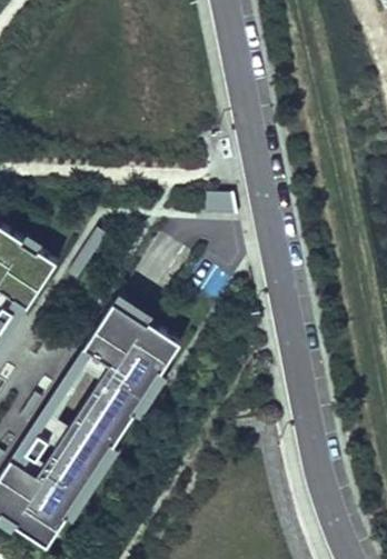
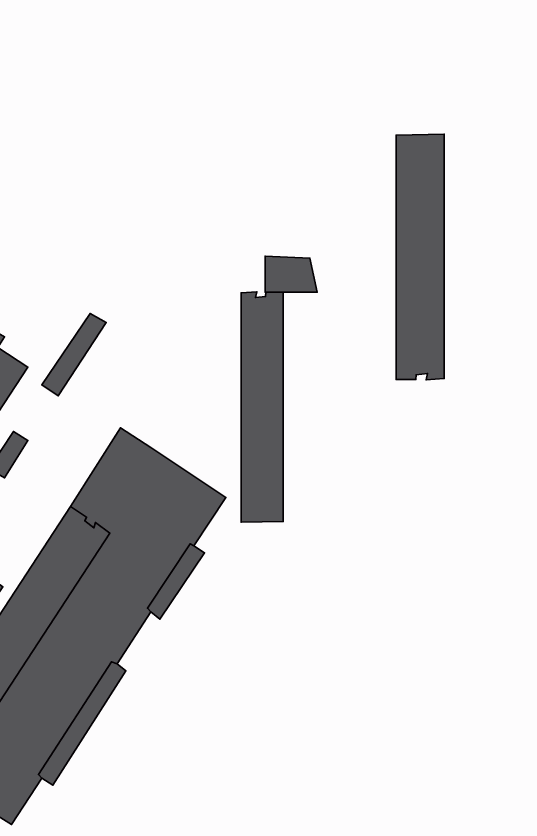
building: none -> [396,134,444,380]
building: none -> [241,292,283,522]

